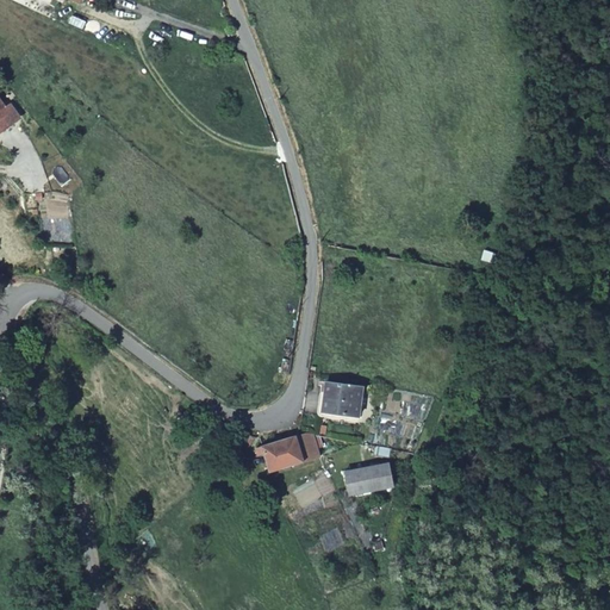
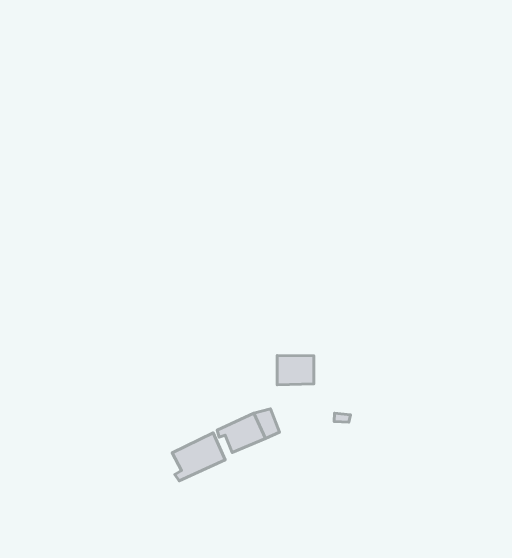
building: none -> [172,433,225,481]
building: [343,462,393,496] -> none

